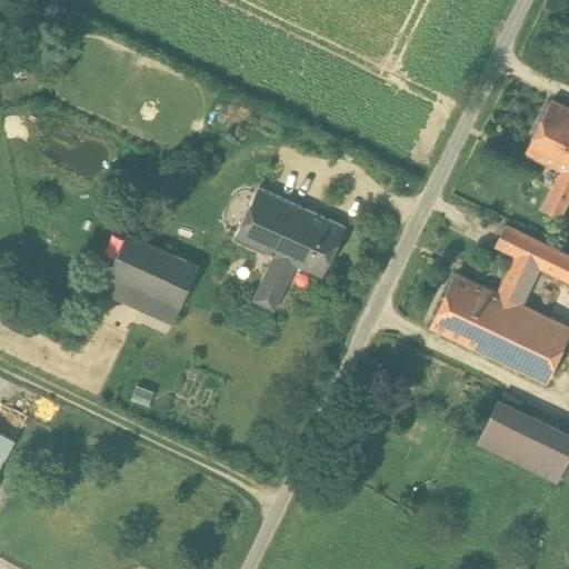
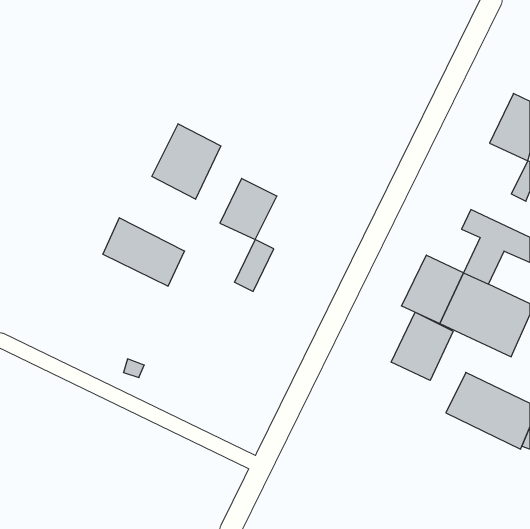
building: none -> [152,124,221,199]
building: [273,211,342,280] -> none
building: [102,273,180,325] -> none
building: none -> [391,312,453,380]

